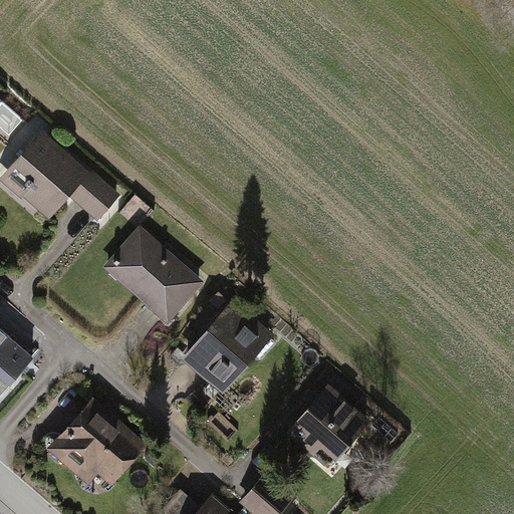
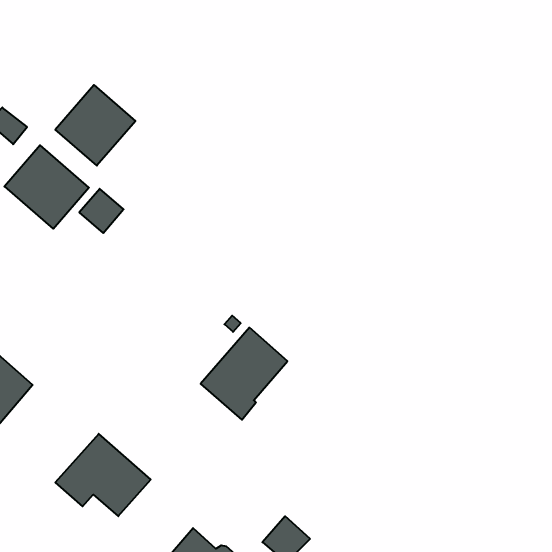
building: none -> [55,85,135,166]
building: [106,231,197,319] -> none
building: [289,389,364,467] -> none

